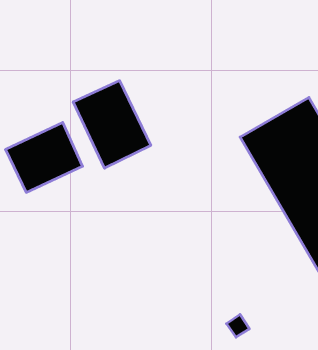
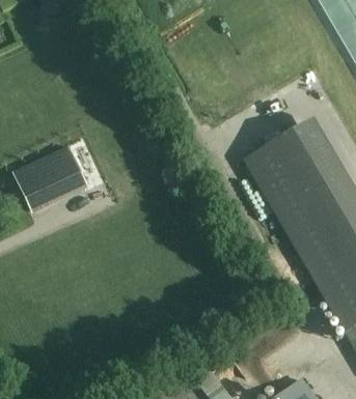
building: [73,81,151,168] -> none

